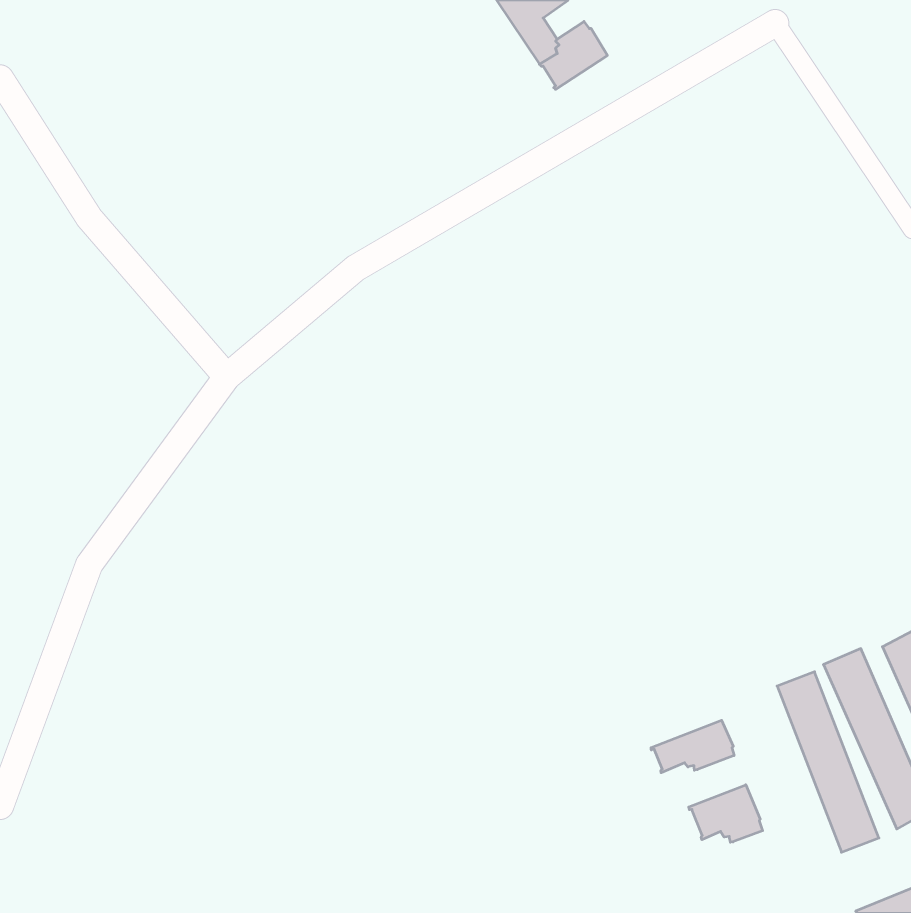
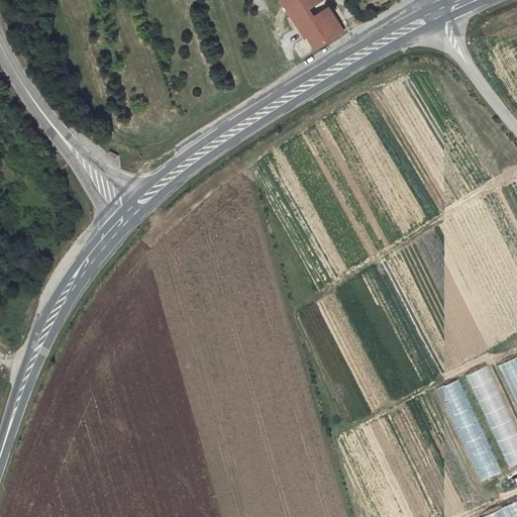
building: [651,720,734,773] -> none
building: [689,785,763,842] -> none

